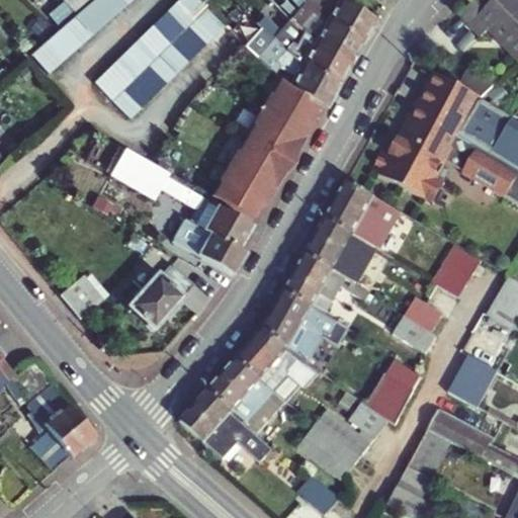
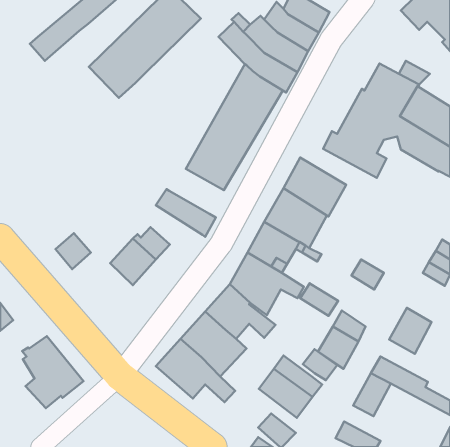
building: [113,145,254,246] -> none
building: [432,246,480,298] -> none
building: [392,316,435,353] -> [300,283,338,316]

